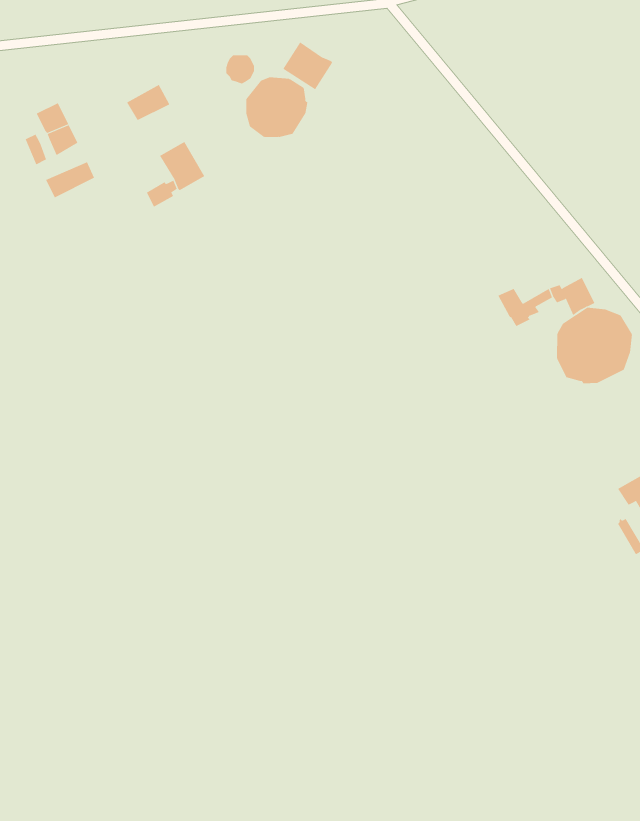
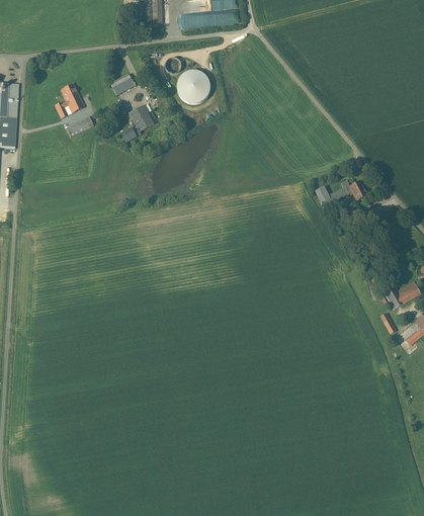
building: [282,41,333,90] -> none
building: [557,307,632,384] -> none

